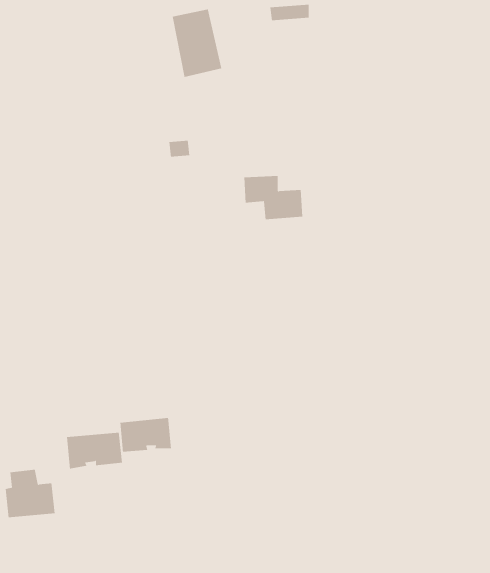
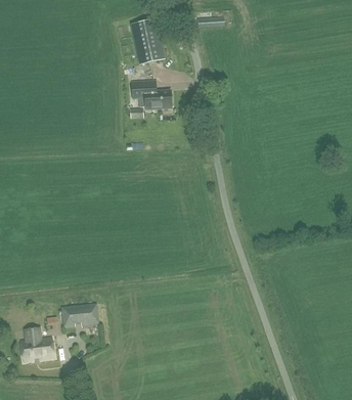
building: [243,176,303,220] -> [131,80,171,109]
building: [120,417,172,452] -> none

